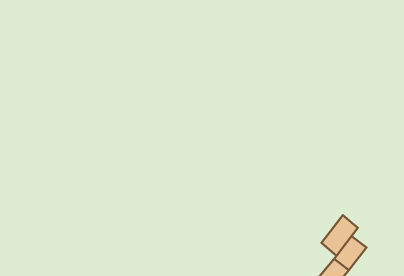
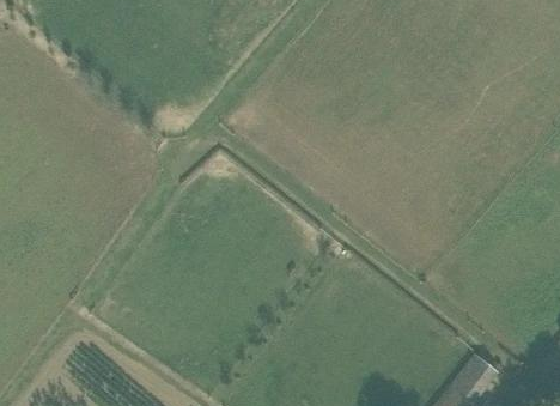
building: [322,215,358,256] -> none

